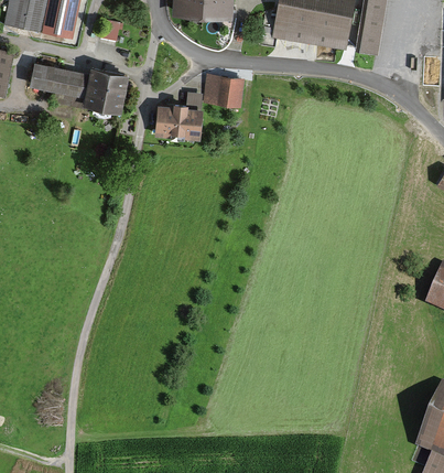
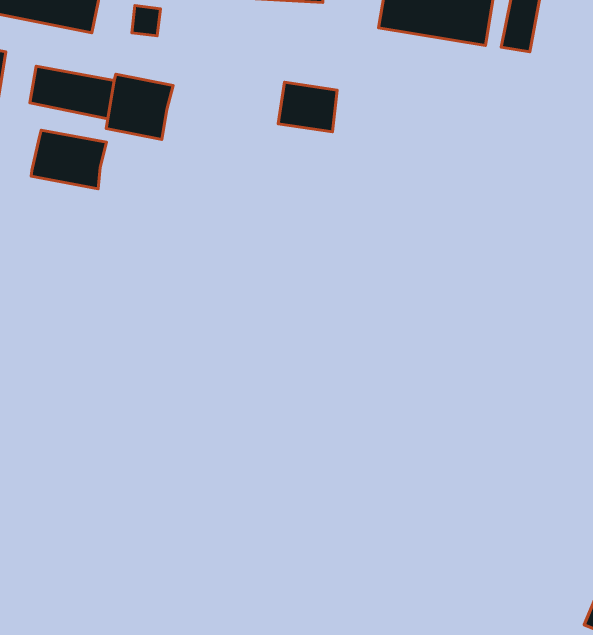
building: [155,93,204,141] -> none
building: none -> [31,130,106,189]

